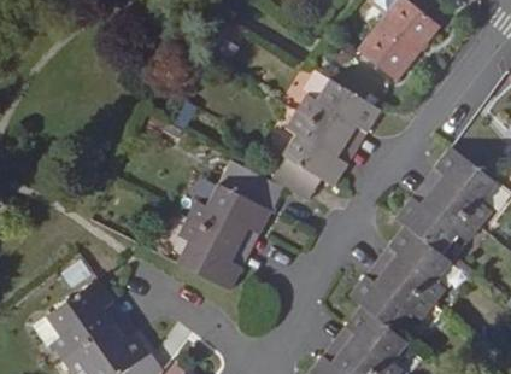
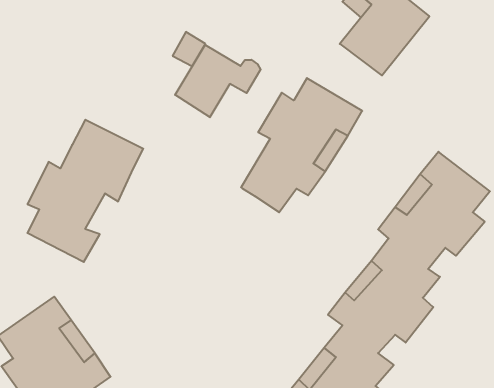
building: none -> [175,45,261,117]
building: [176,163,282,293] -> [27,120,143,262]

